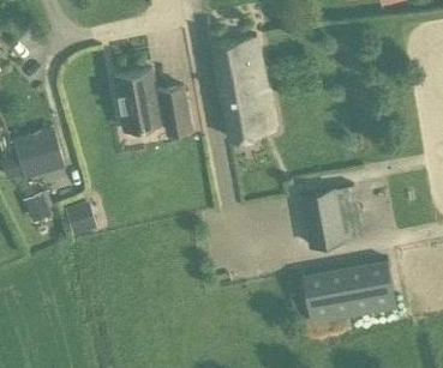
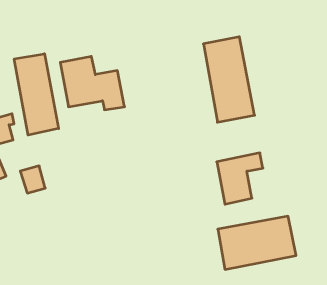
building: [214,37,275,139] -> [203,37,255,122]
building: none -> [14,54,59,135]

